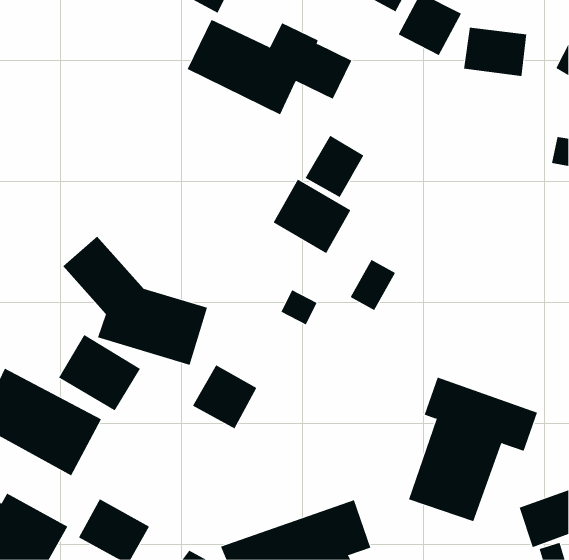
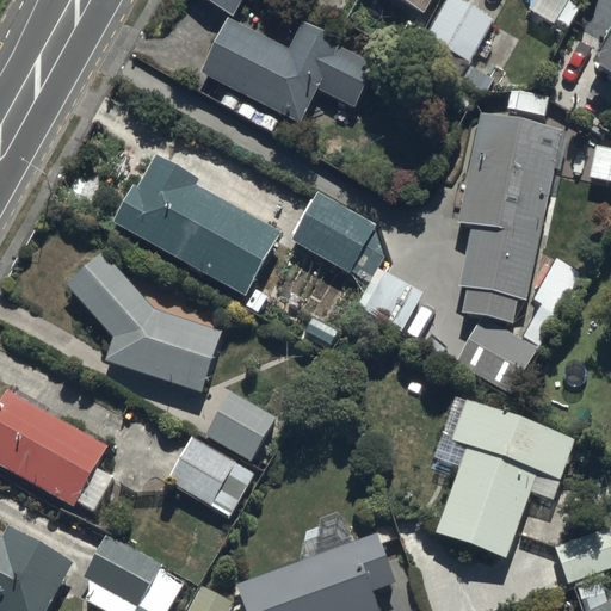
building: [463,27,527,77] -> none
building: none -> [457,117,567,394]
building: [305,135,364,198] -> none
building: none -> [112,155,280,297]
building: [58,334,141,411] -> [165,434,253,517]

